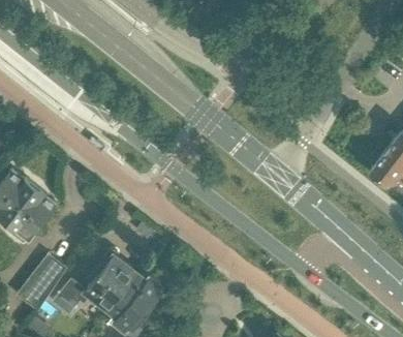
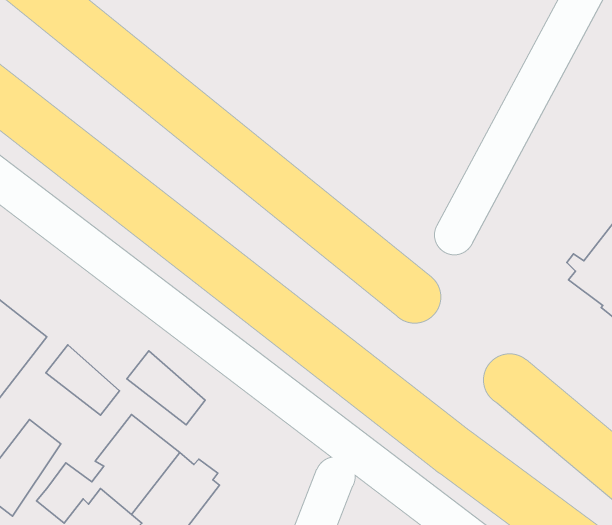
building: none -> [46,345,119,415]
building: none -> [127,351,205,425]

